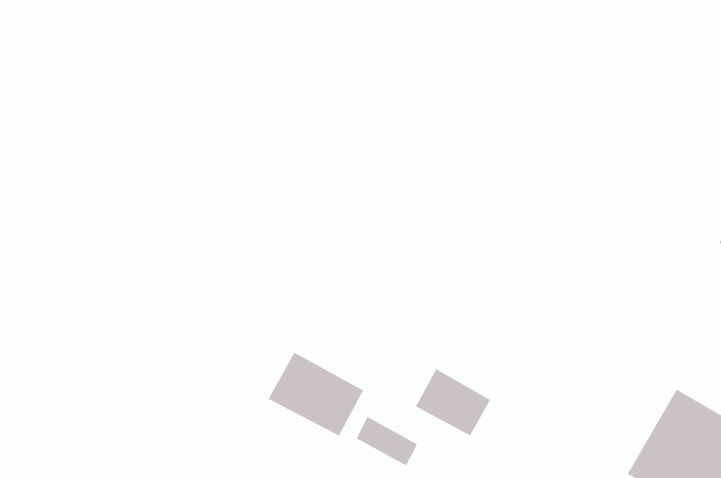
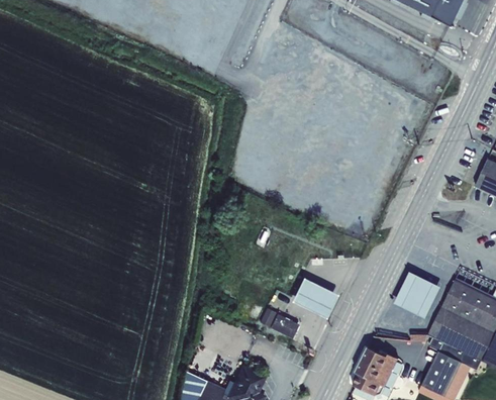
building: [268,352,364,436] -> none
building: none -> [389,271,444,322]

